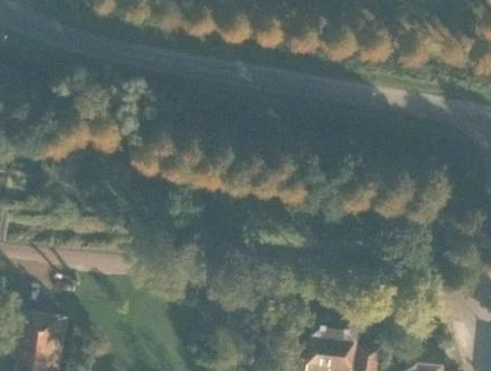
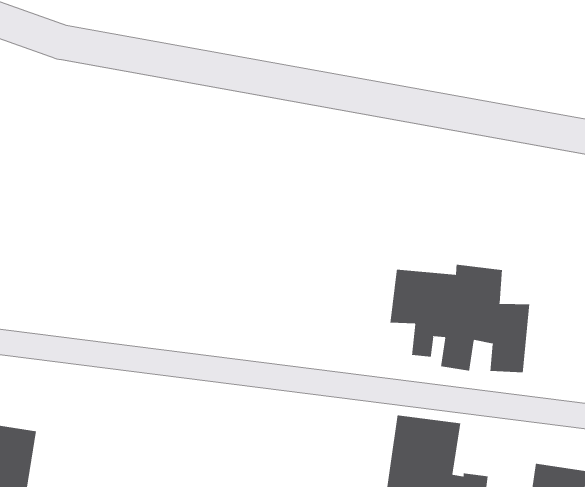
building: none -> [390,264,530,373]

